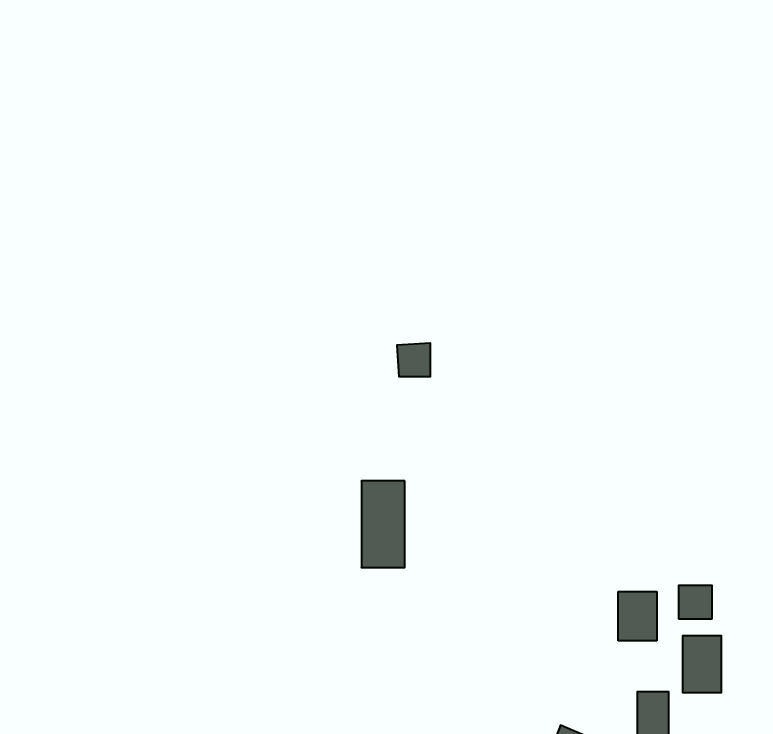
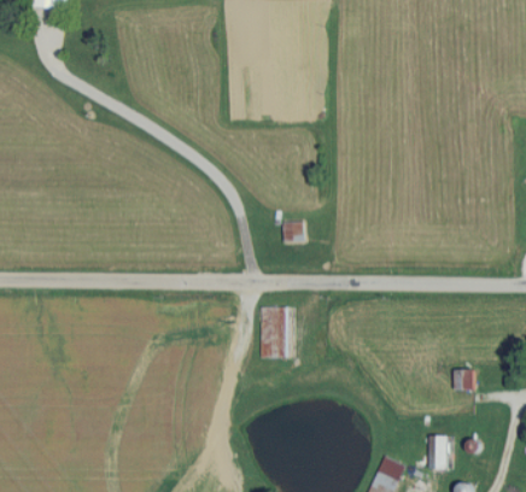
building: [618,592,657,641] -> none
building: [683,636,721,693] -> none

